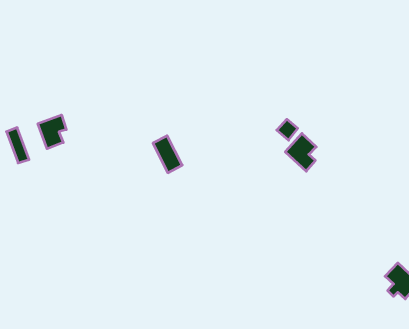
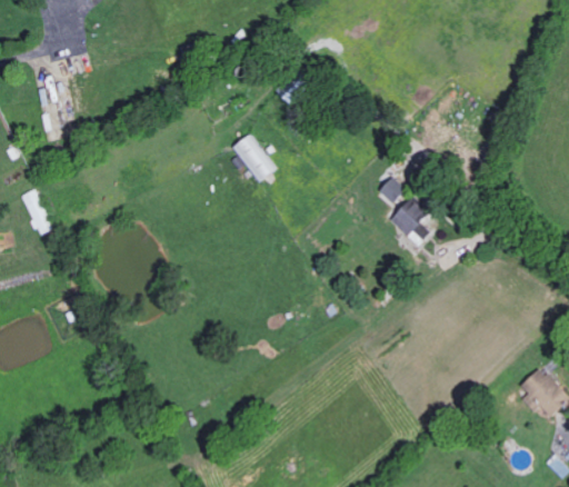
building: [38,115,66,149] -> none
building: [153,136,182,173] -> [233,135,272,183]

